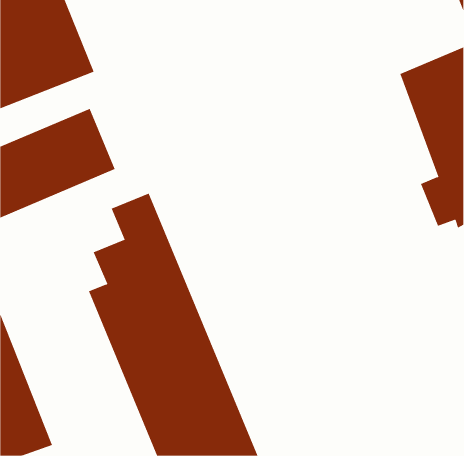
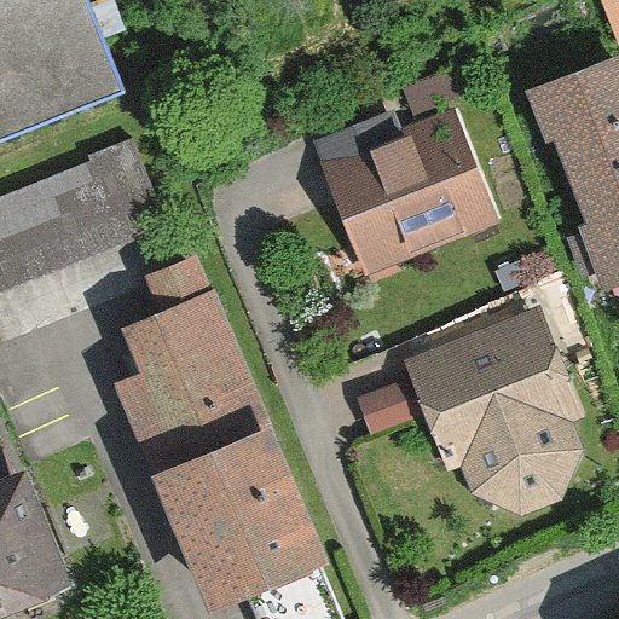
building: none -> [320,100,501,272]
building: none -> [405,305,589,503]

